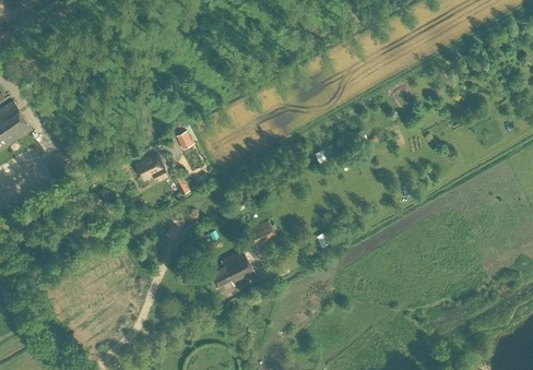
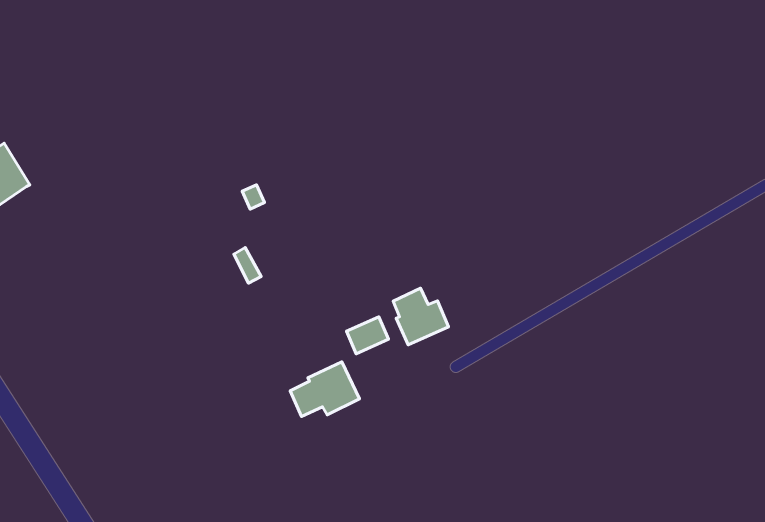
building: [137,155,168,181] -> none
building: none -> [393,288,448,345]

